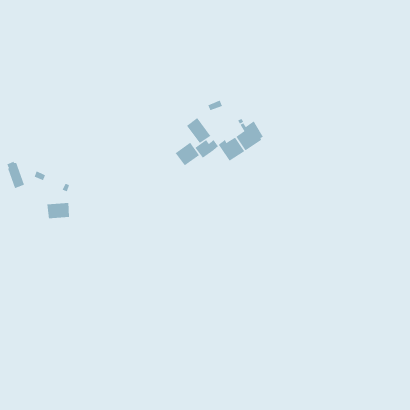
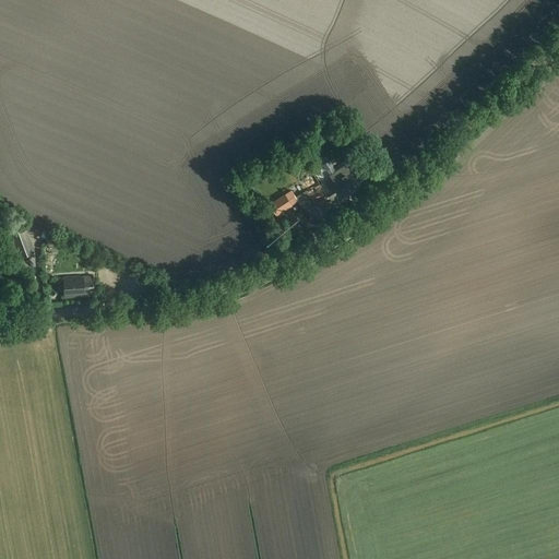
building: [186,117,211,144] -> none
building: [175,142,200,166] -> none

